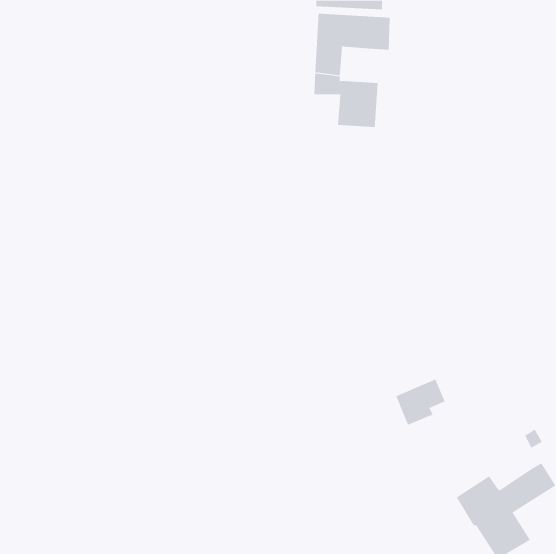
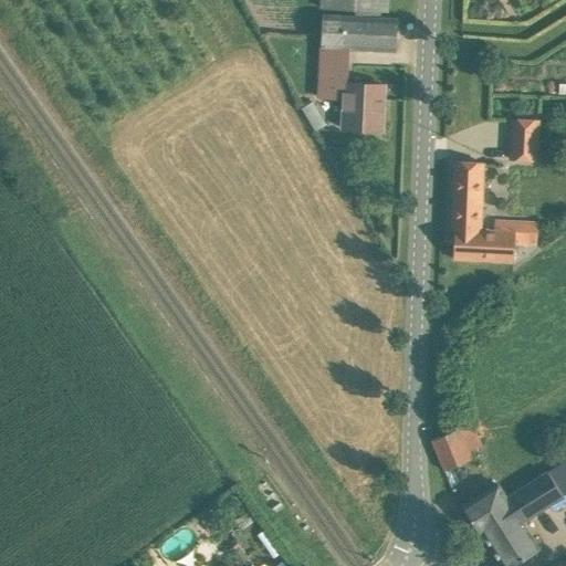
building: none -> [510,122,539,161]
building: none -> [452,164,537,262]
building: [395,379,446,426] -> [432,424,483,472]

